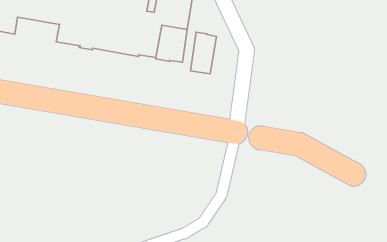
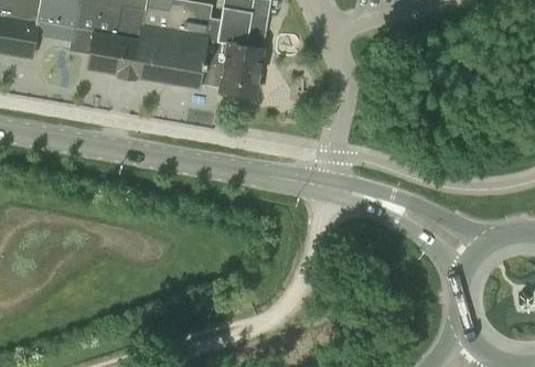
building: [190,32,216,74] -> none

